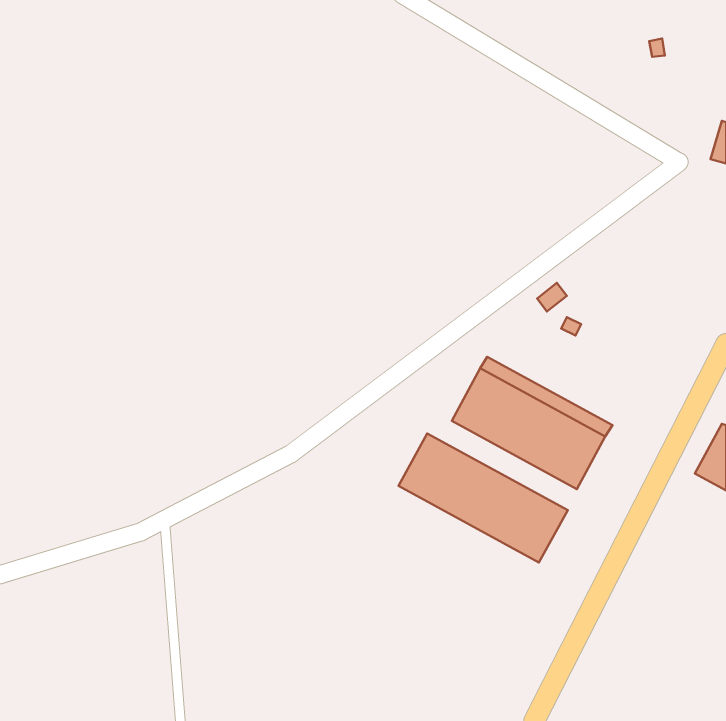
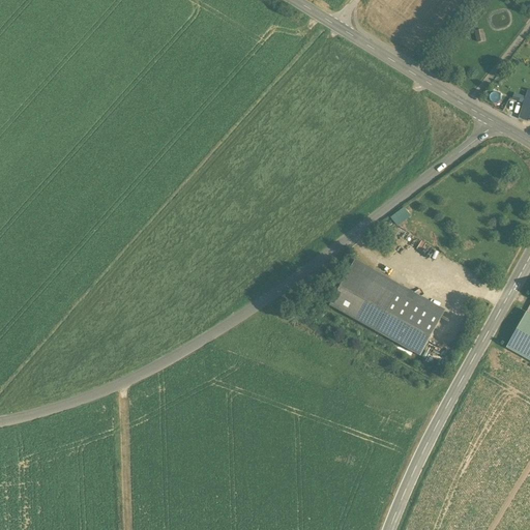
building: [398,434,568,563] -> none

